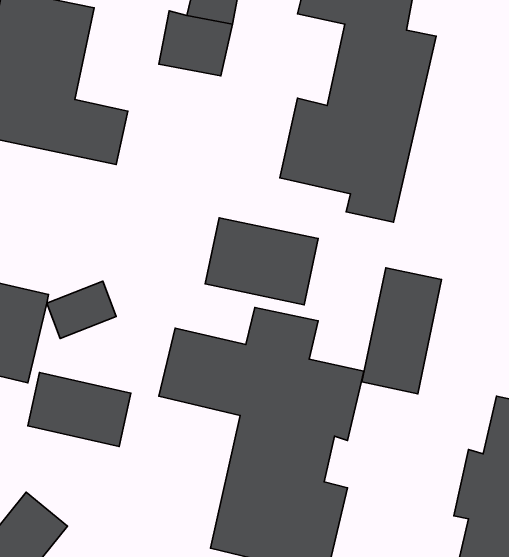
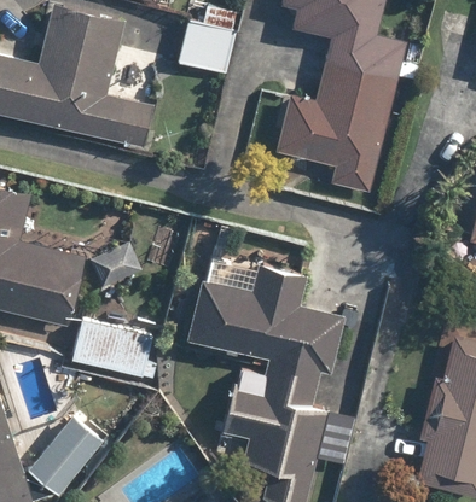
building: [205,218,318,305] -> none
building: [362,268,442,394] -> none

